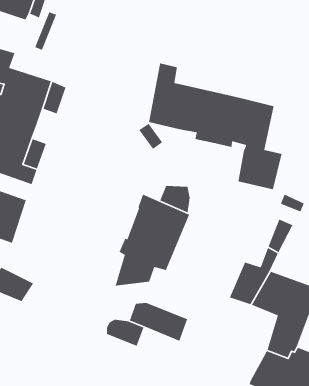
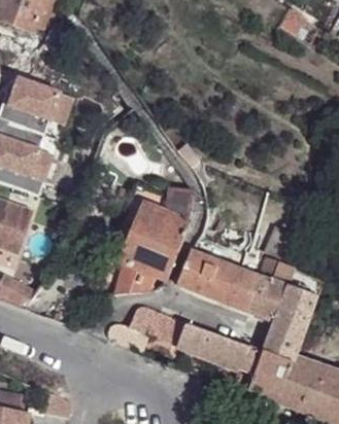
building: [148,62,283,190] -> none
building: none -> [177,249,246,305]
building: none -> [182,325,268,386]

